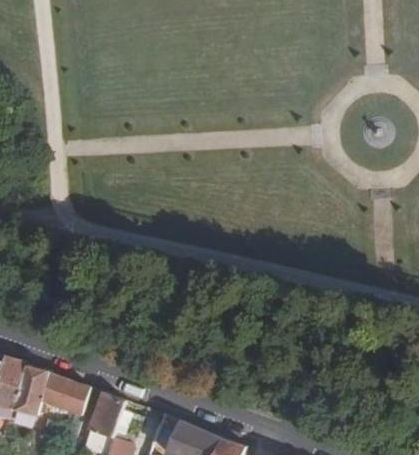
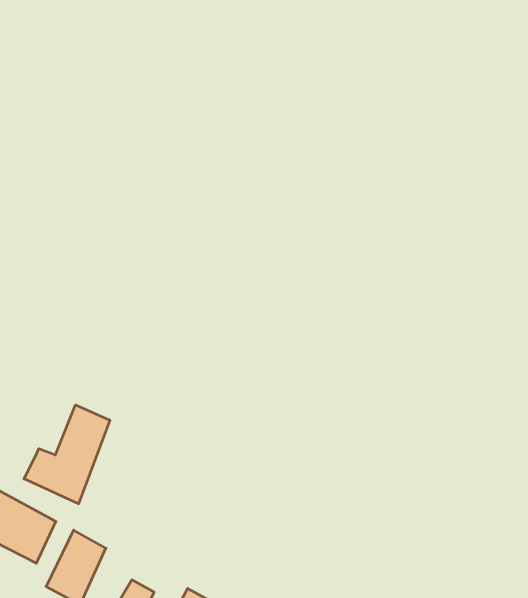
building: none -> [24,405,110,504]

